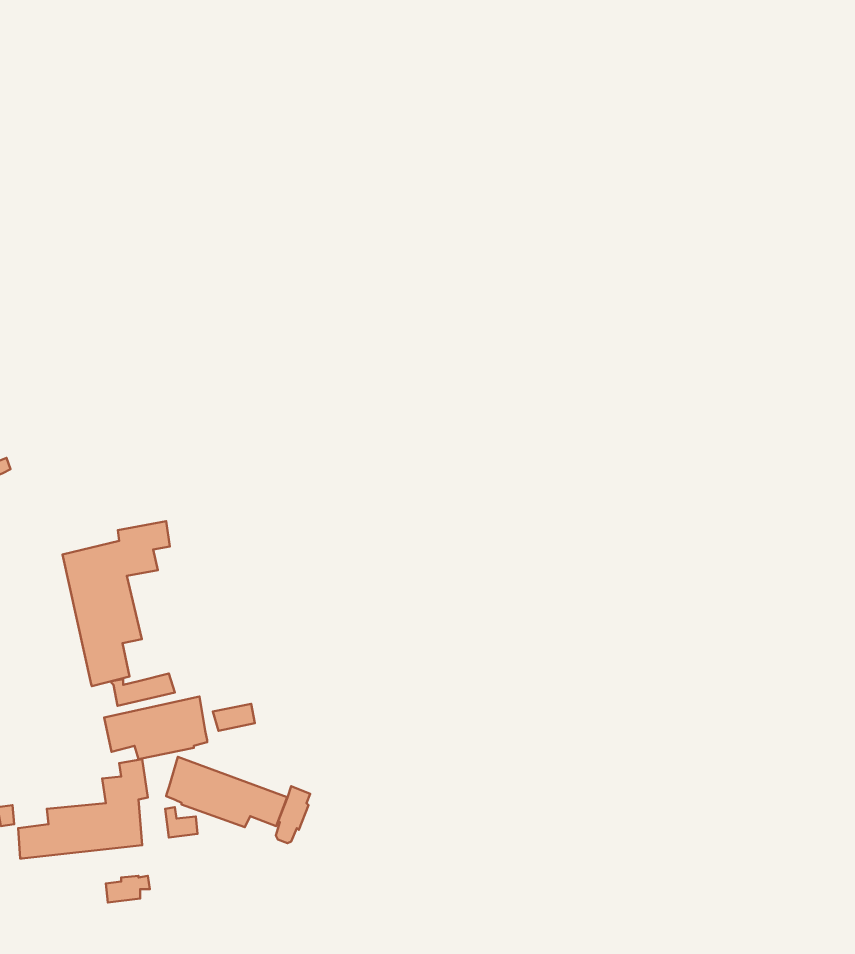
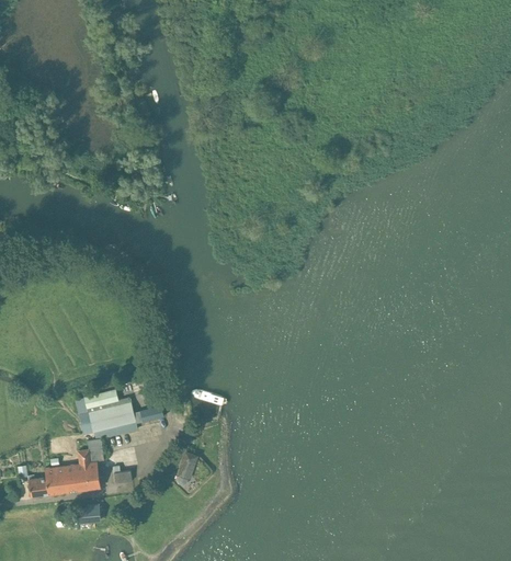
building: [63,521,170,686] -> none
building: [166,757,287,827] -> none

